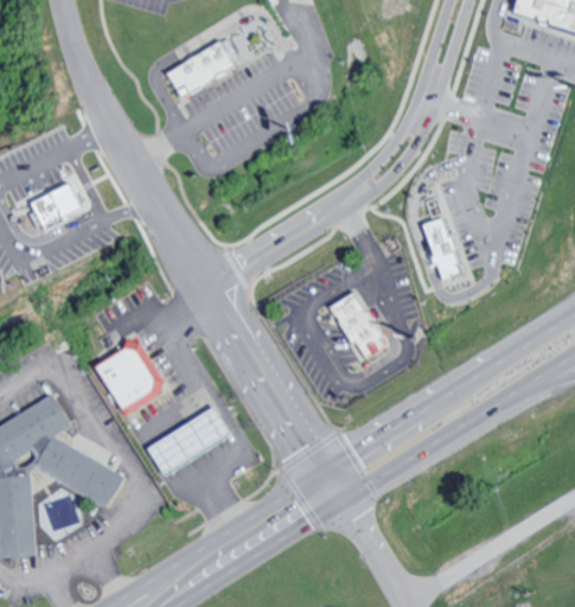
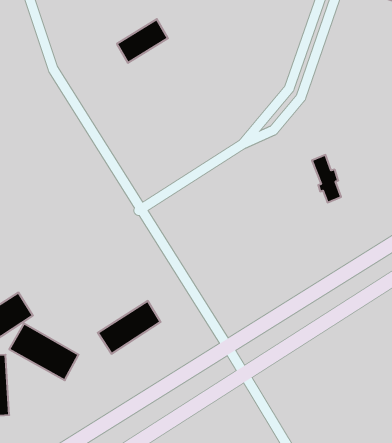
building: [30,181,85,229] -> none
building: [327,292,383,359] -> none
building: [92,337,160,414] -> none

